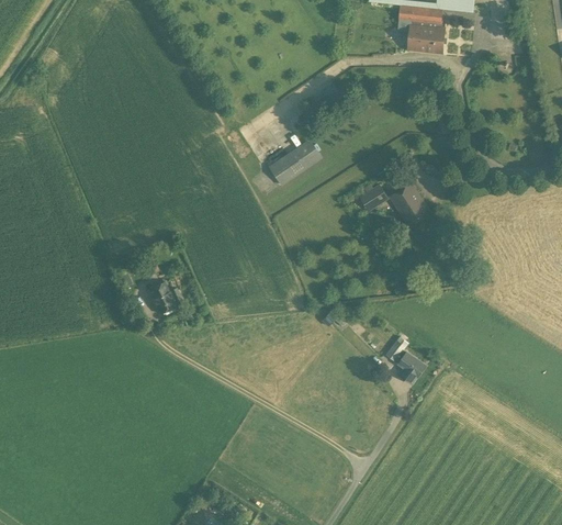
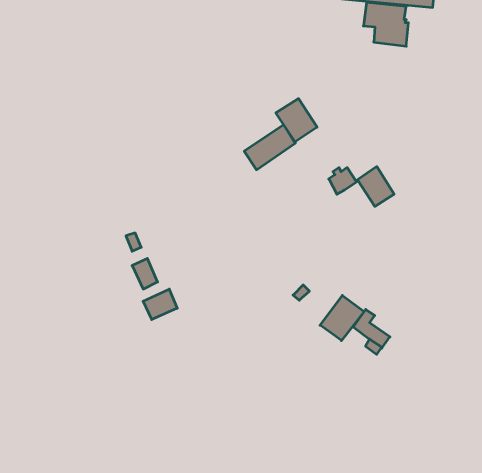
building: none -> [276,99,317,142]
building: none -> [143,289,177,320]
building: none -> [320,295,364,341]

